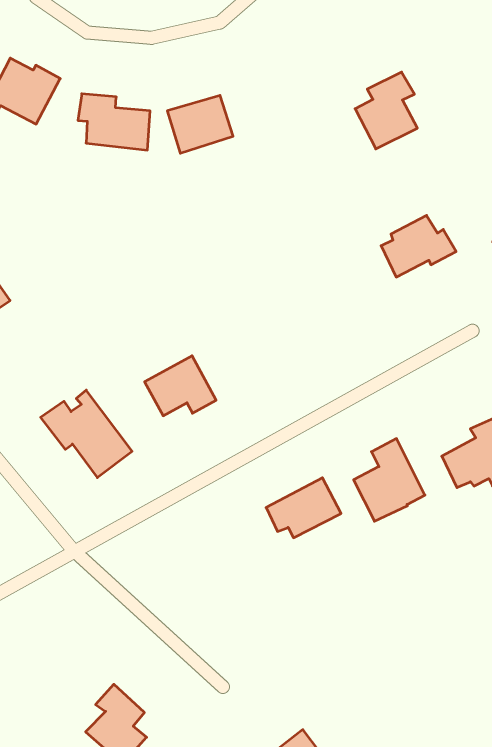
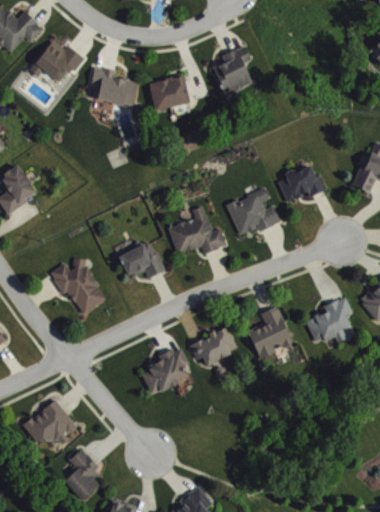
building: [355,72,417,149] -> [212,46,251,94]
building: none -> [226,189,279,235]
building: none -> [168,207,226,255]
building: none -> [141,347,188,396]
building: none -> [22,400,77,444]

